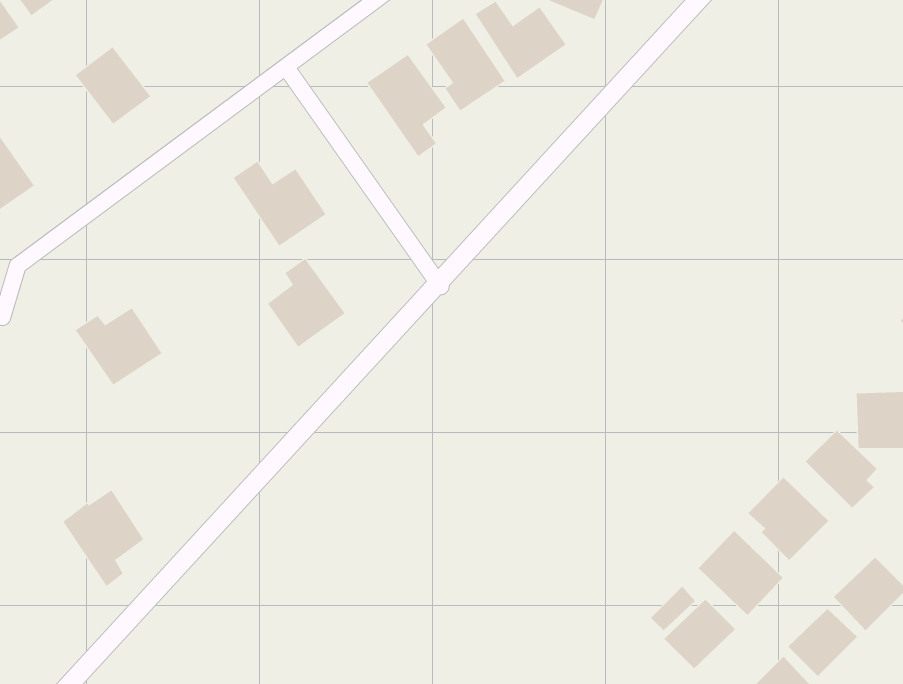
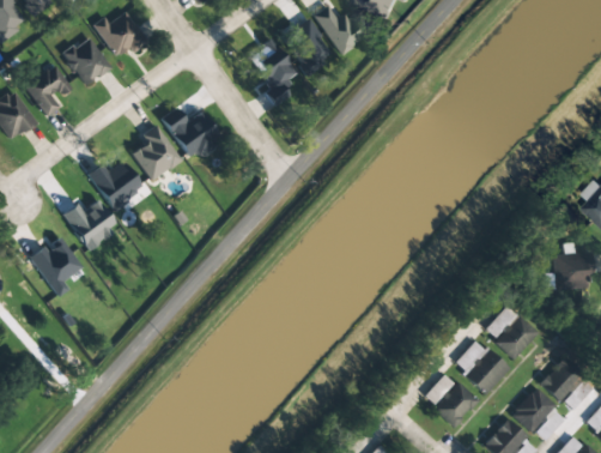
building: none -> [99,12,140,55]
building: none -> [25,65,73,116]
building: none -> [87,159,142,210]
building: [267,258,345,348] -> [132,125,181,181]
building: [805,430,877,509] -> none
building: [62,490,144,587] -> [30,236,81,297]

